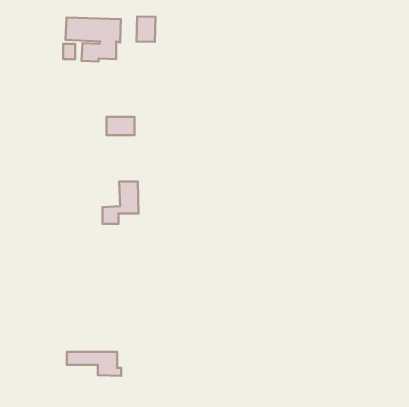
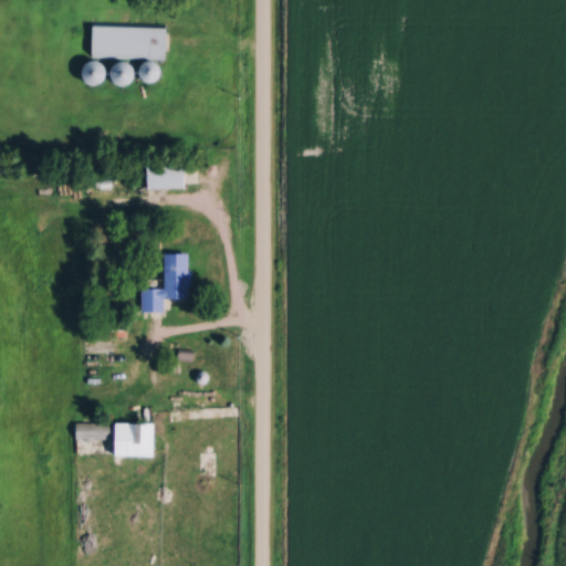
building: [137,16,156,42] -> none
building: [67,352,121,376] -> [75,424,150,458]

